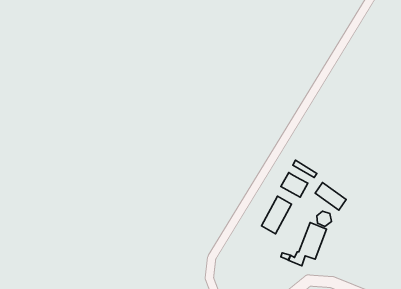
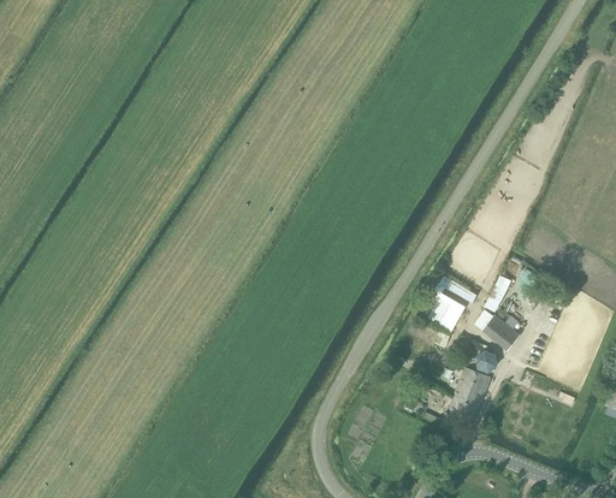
building: [261,196,292,234] -> none

